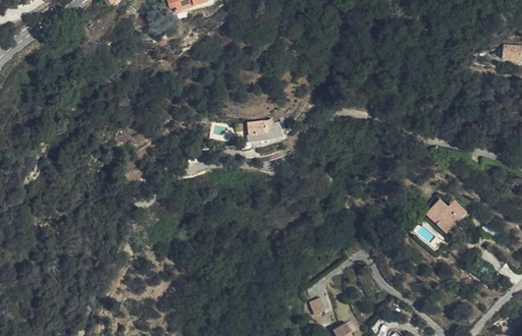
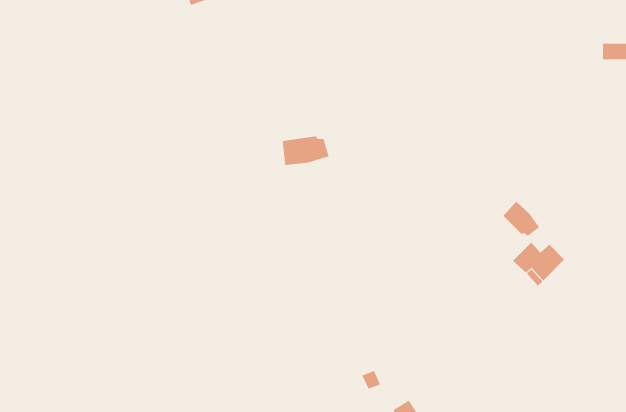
building: none -> [503,201,540,237]

